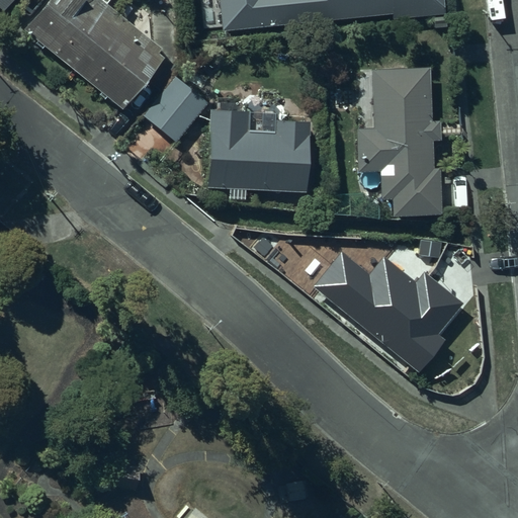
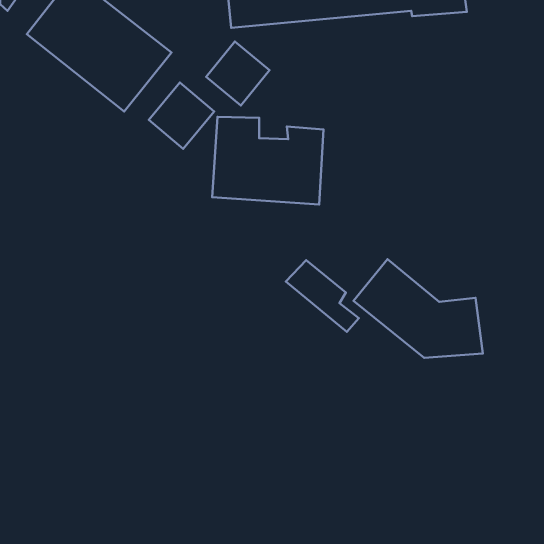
building: none -> [206,42,269,106]
building: [357,69,445,222] -> none

